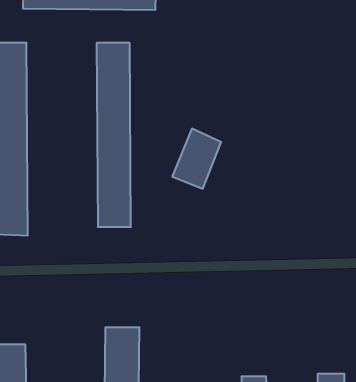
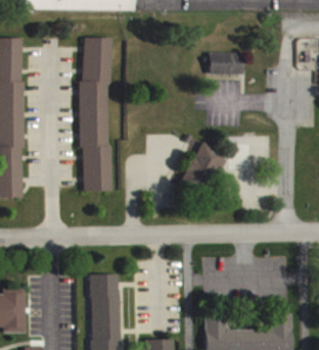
building: none -> [209,53,242,74]
building: [172,129,221,189] -> [183,142,224,192]

